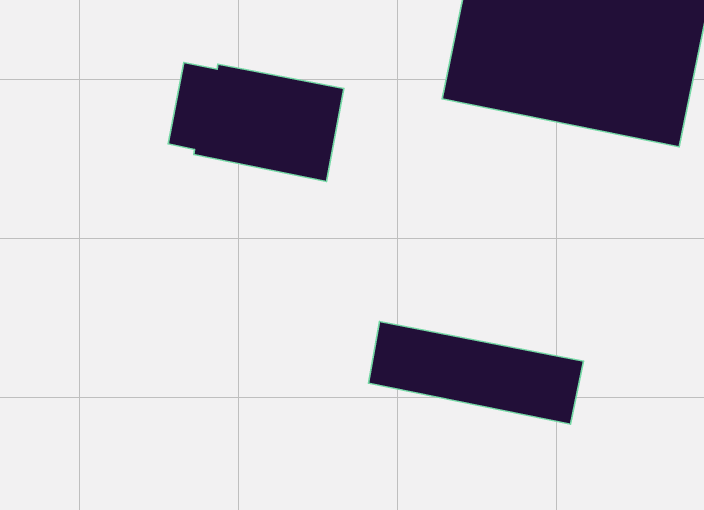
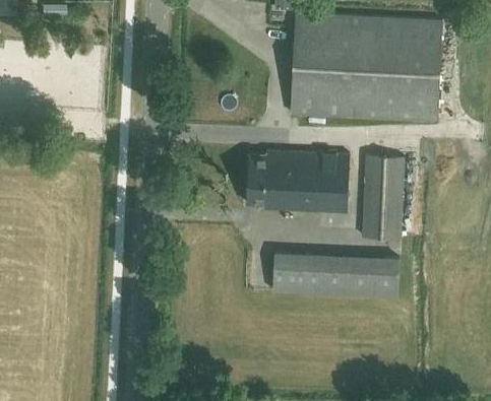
building: [168,63,344,182] -> [248,152,348,212]
building: none -> [362,155,405,239]

